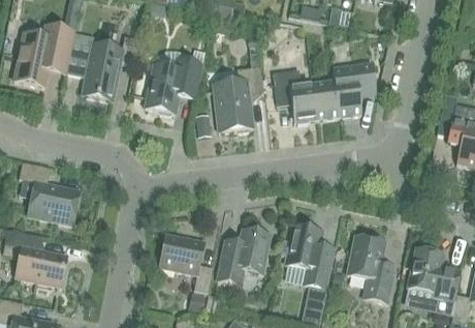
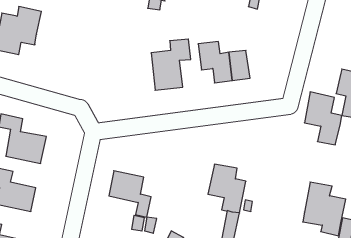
building: [65,31,139,100] -> none
building: [145,59,201,113] -> none
building: [332,63,375,116] -> none
building: [217,229,270,285] -> none
building: [347,235,394,302] -> [304,92,342,145]

